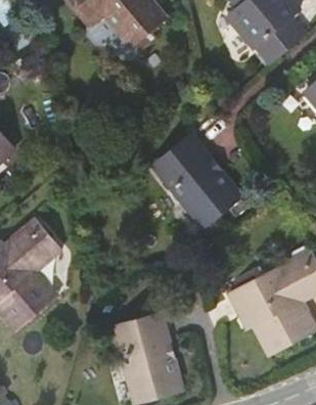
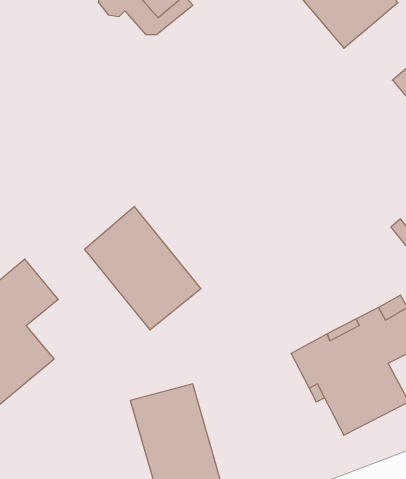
building: [152,135,238,226] -> [85,207,201,330]

